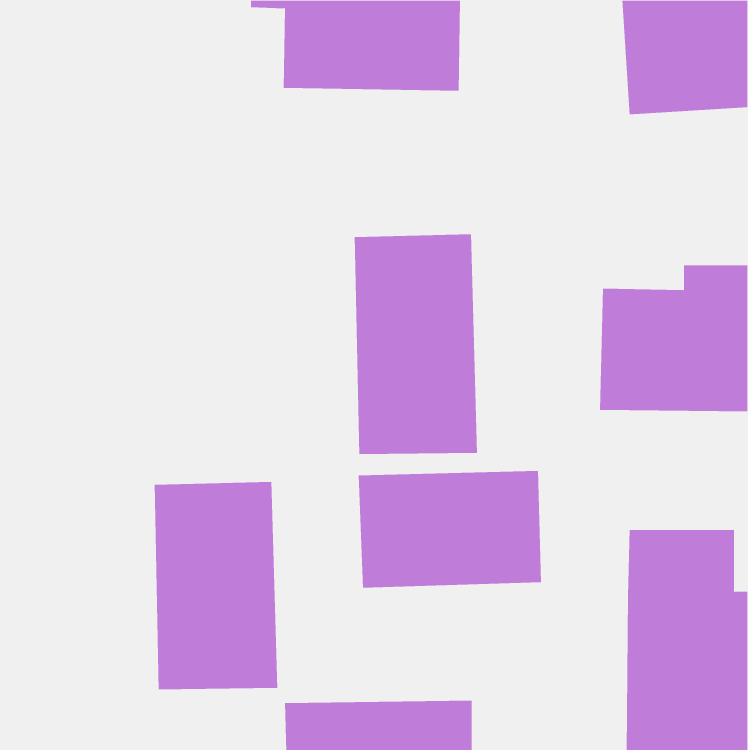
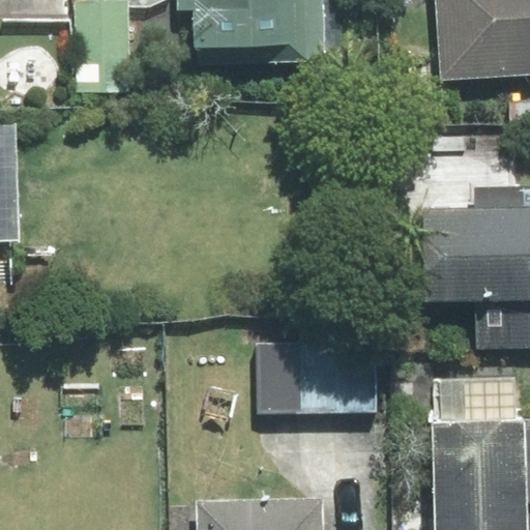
building: [354,233,478,455] -> none
building: [154,481,278,690] -> none

